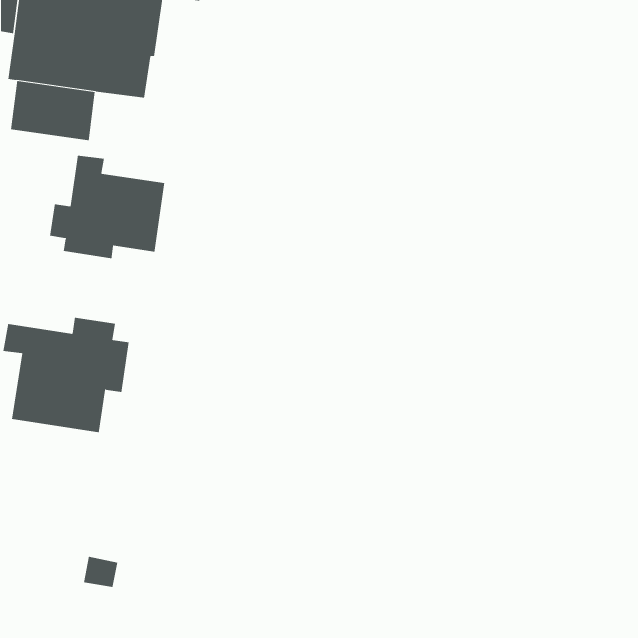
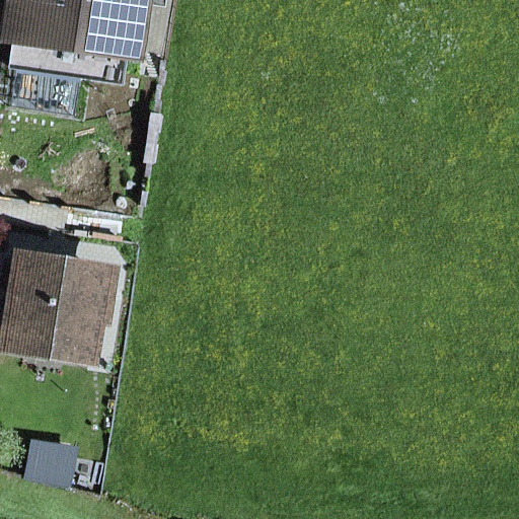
building: [49,155,165,259] -> none

